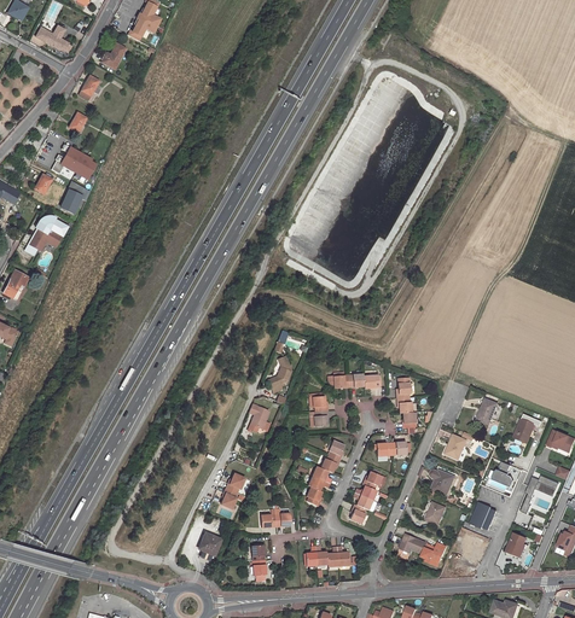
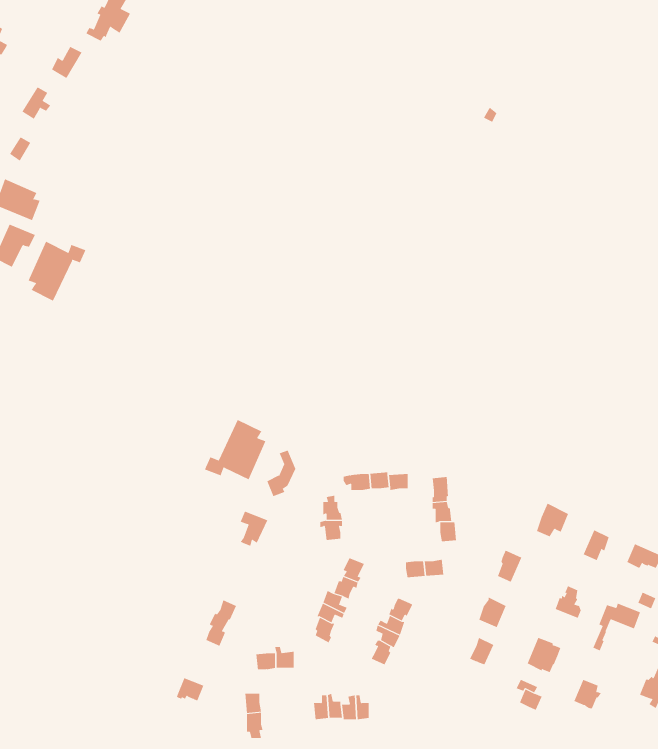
building: none -> [28,241,86,302]
building: none -> [204,419,266,480]
building: [400,534,446,560] -> none

